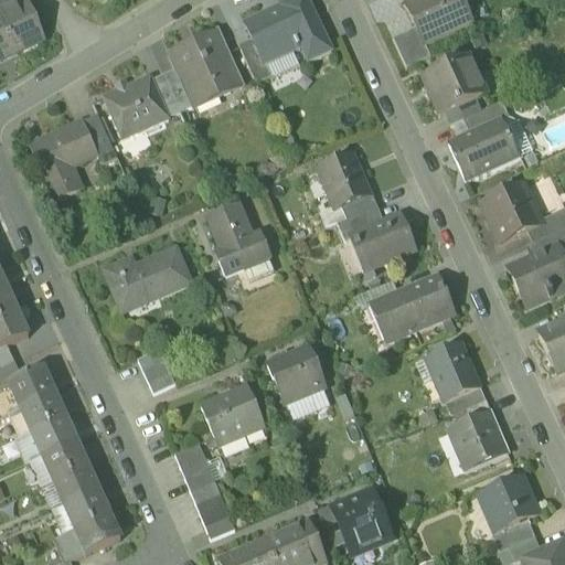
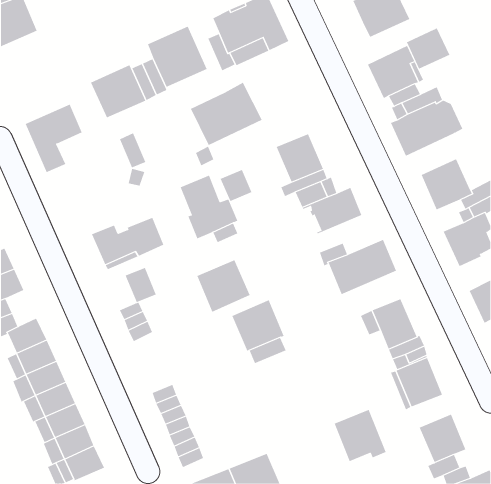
building: [392,25,430,66] -> none
building: none -> [406,27,450,70]
building: none -> [190,82,262,146]
building: [81,111,111,152] -> [119,133,146,168]
building: none -> [220,169,252,202]
building: none -> [125,267,157,303]
building: [202,383,264,444] -> [197,260,250,312]
building: [331,489,392,550] -> [334,409,387,462]

